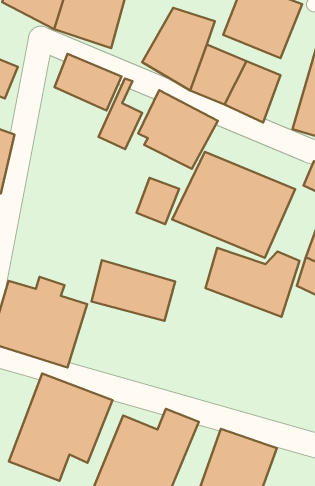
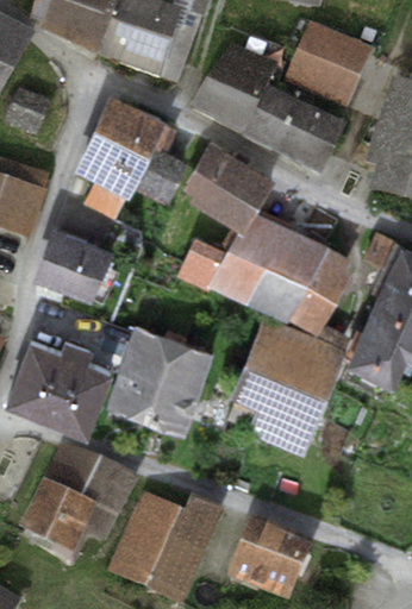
building: none -> [74,127,149,215]
building: none -> [35,226,106,296]
building: none -> [230,360,329,453]
building: none -> [106,368,199,435]

